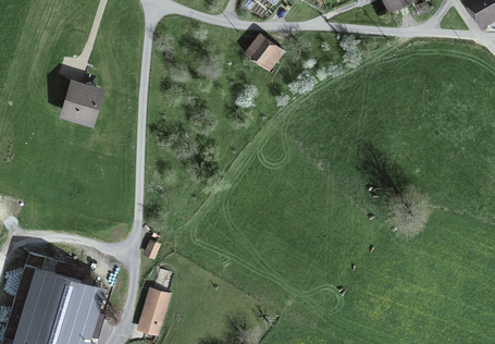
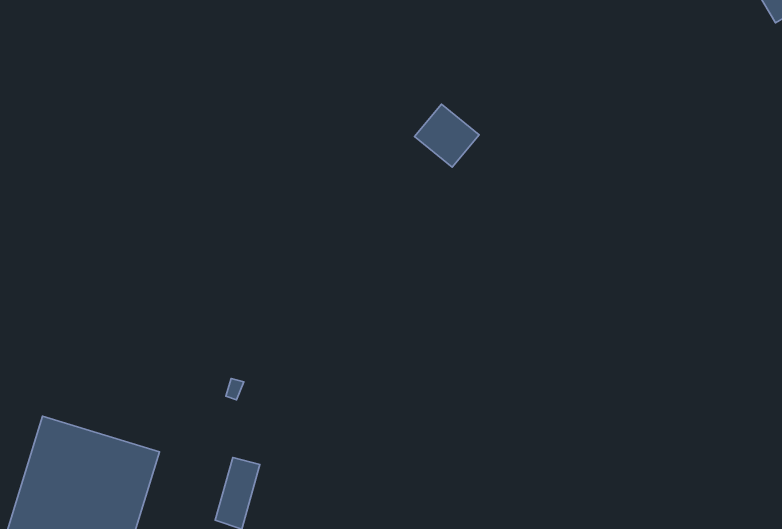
building: [244,33,283,71] -> [415,104,479,167]
building: [63,83,98,121] -> none

